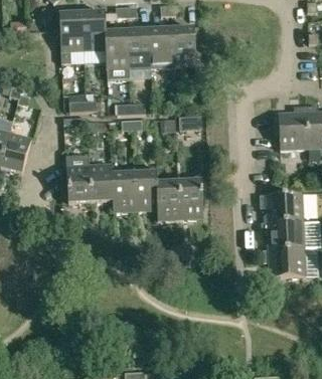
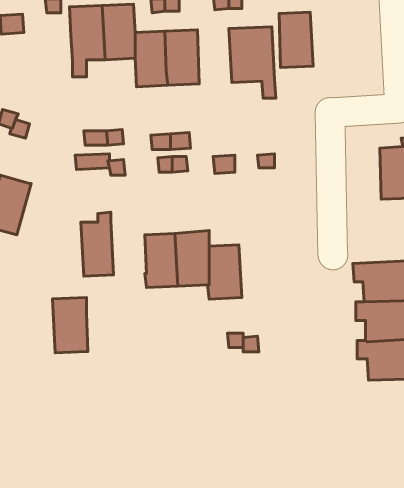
building: [149,28,173,67] -> [279,12,313,68]
building: [88,163,113,202] -> [52,297,88,353]
building: [178,180,203,218] -> none

